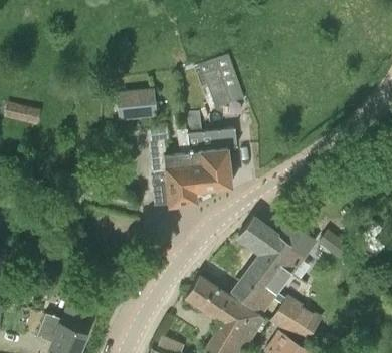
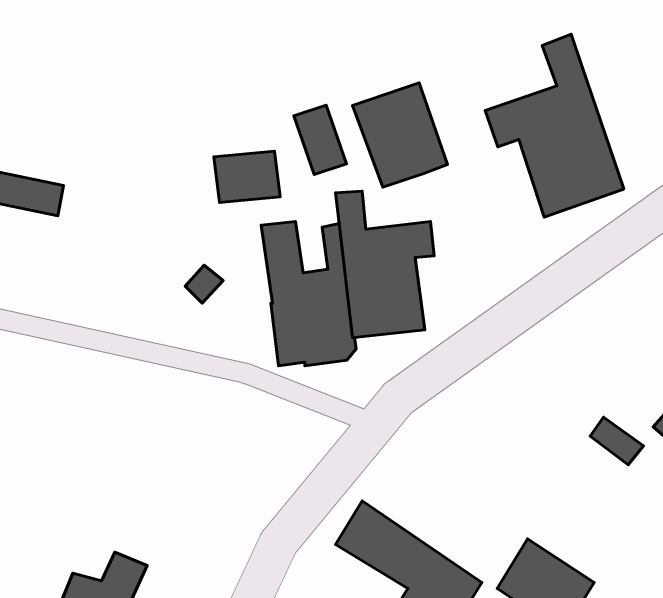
building: none -> [485,34,624,217]
building: none -> [294,105,347,175]
building: [233,219,315,314] -> none

